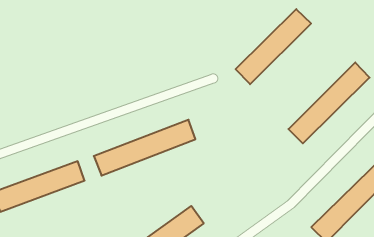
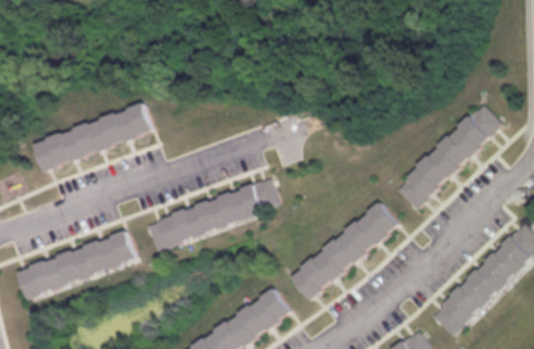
building: [236,9,311,84] -> none
building: none -> [38,104,155,170]
building: none -> [294,202,398,298]

